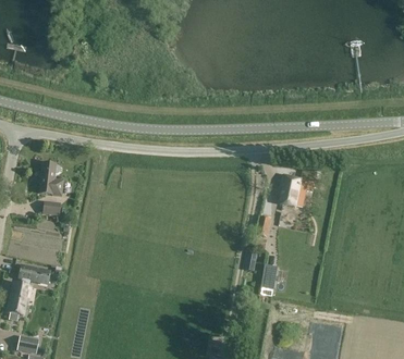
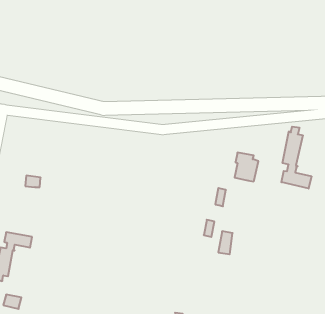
building: none -> [281,127,311,189]
building: [38,161,62,194] -> none

